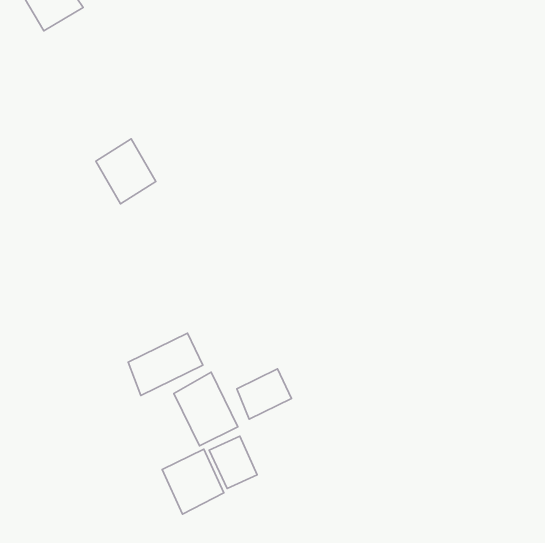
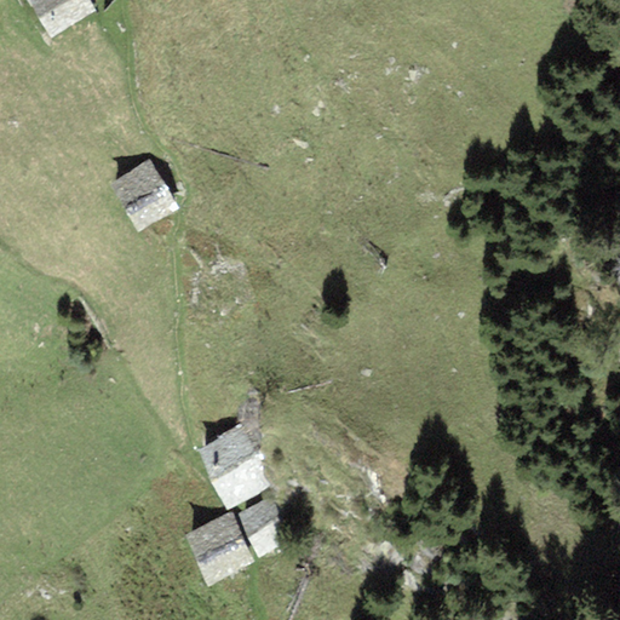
building: [128,333,203,395] -> none
building: [237,369,292,419] -> none

